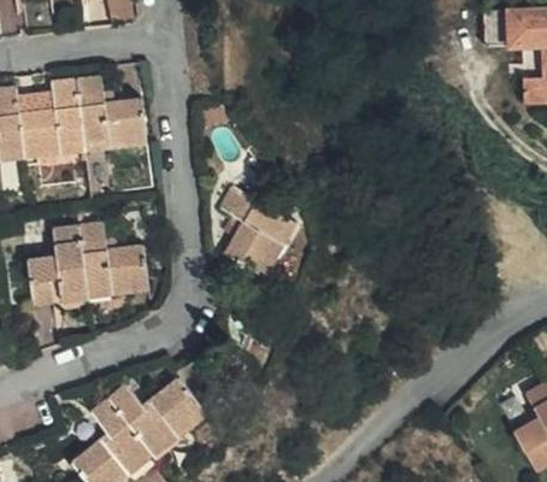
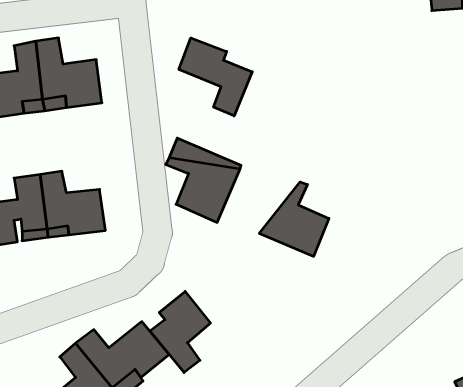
building: none -> [179,38,252,116]
building: none -> [259,182,329,256]
building: none -> [150,291,210,373]

